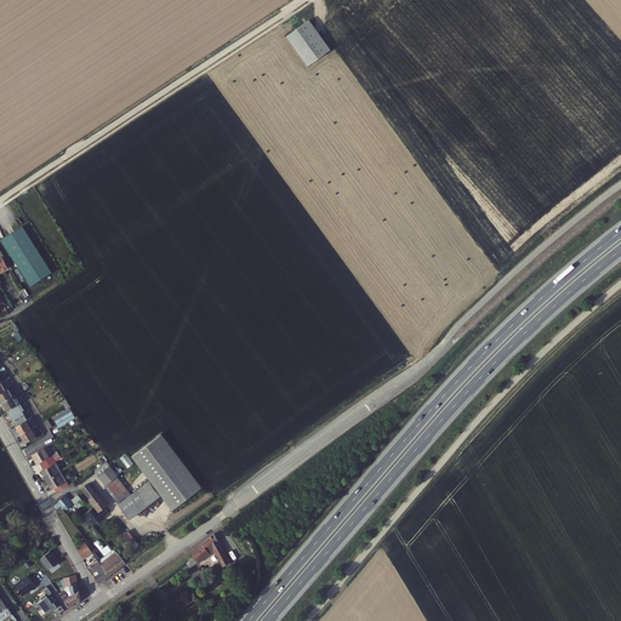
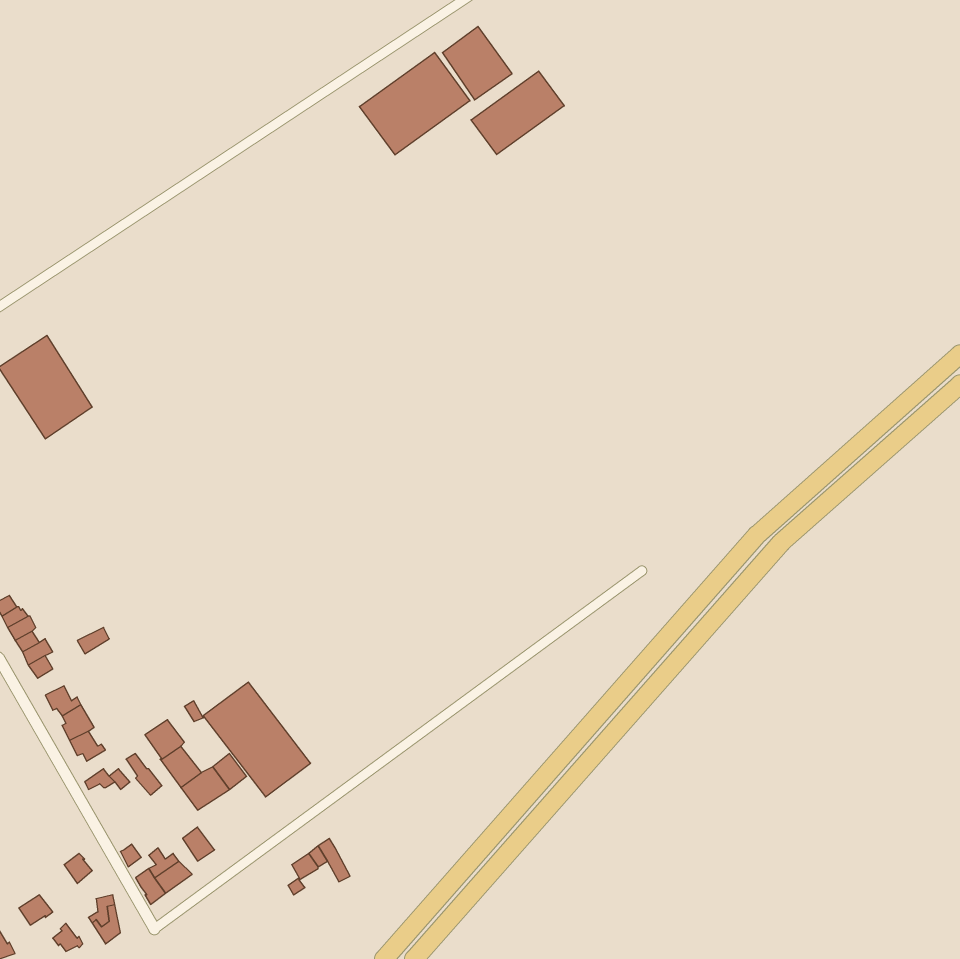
building: none -> [359,52,470,155]
building: none -> [471,71,564,155]

